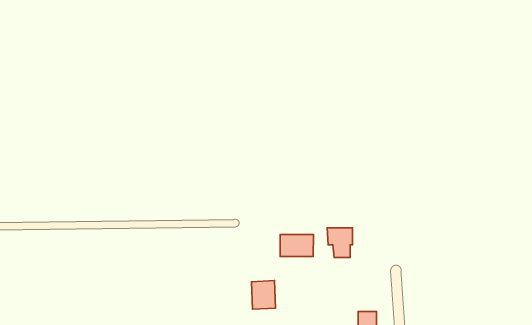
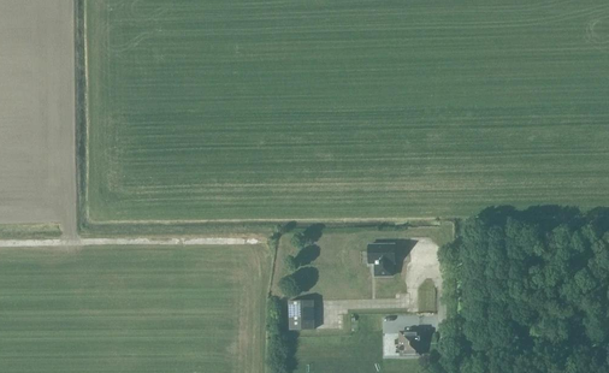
building: [280,235,314,256] -> none

